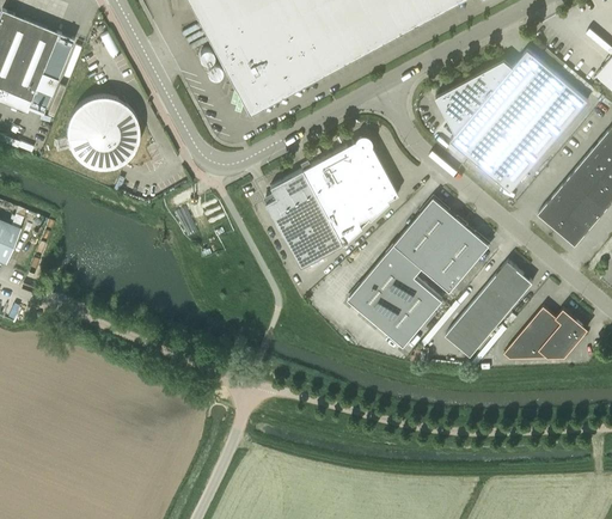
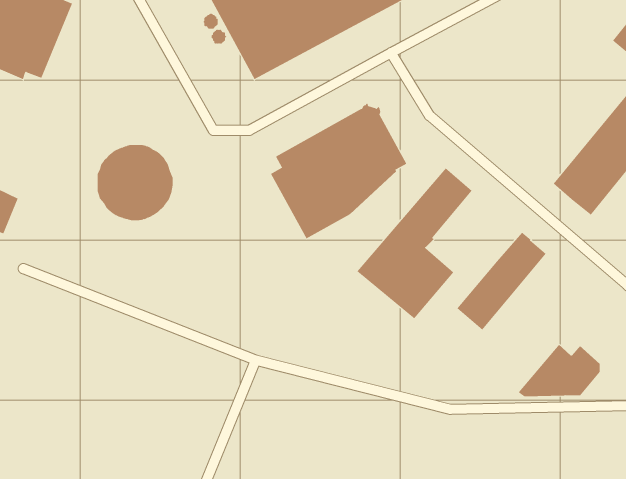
building: [436,49,588,191] -> none
building: [67,96,141,170] -> [97,144,173,221]
building: [423,221,489,291] -> none
building: [504,306,585,358] -> [518,344,601,397]

